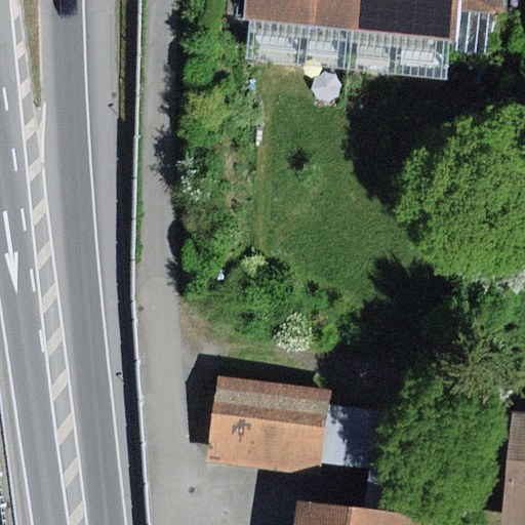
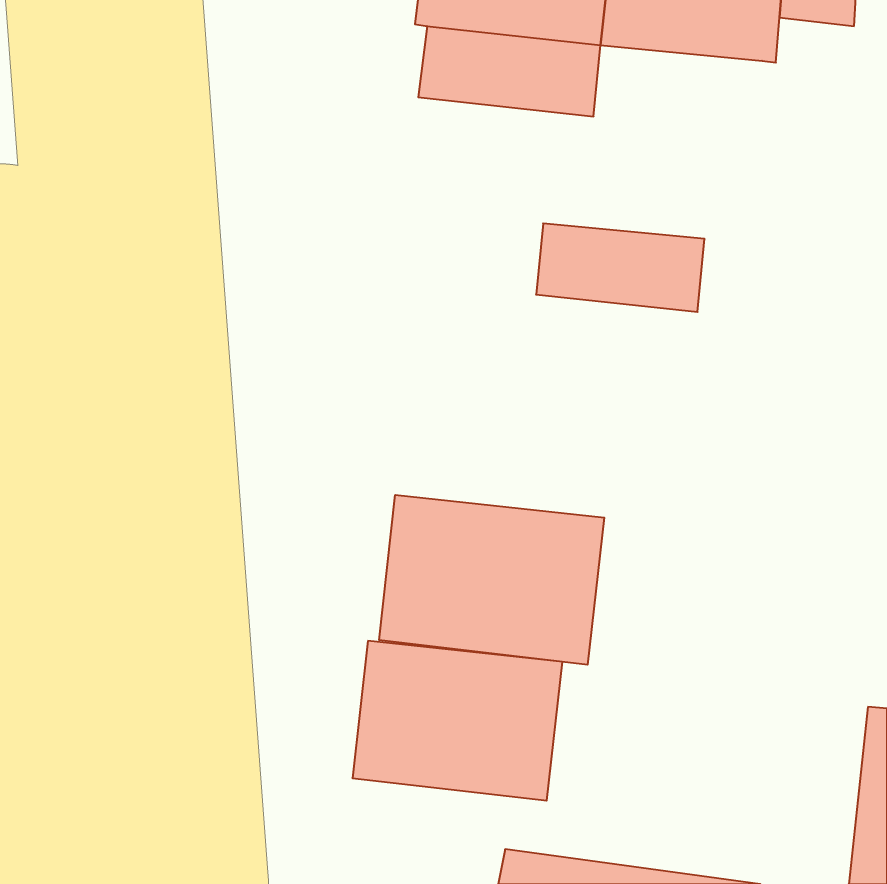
building: [351,27,450,79] -> [536,223,705,312]
building: none -> [379,495,604,665]

